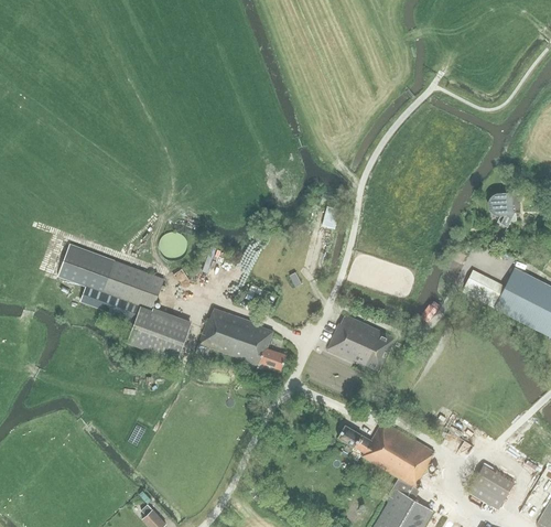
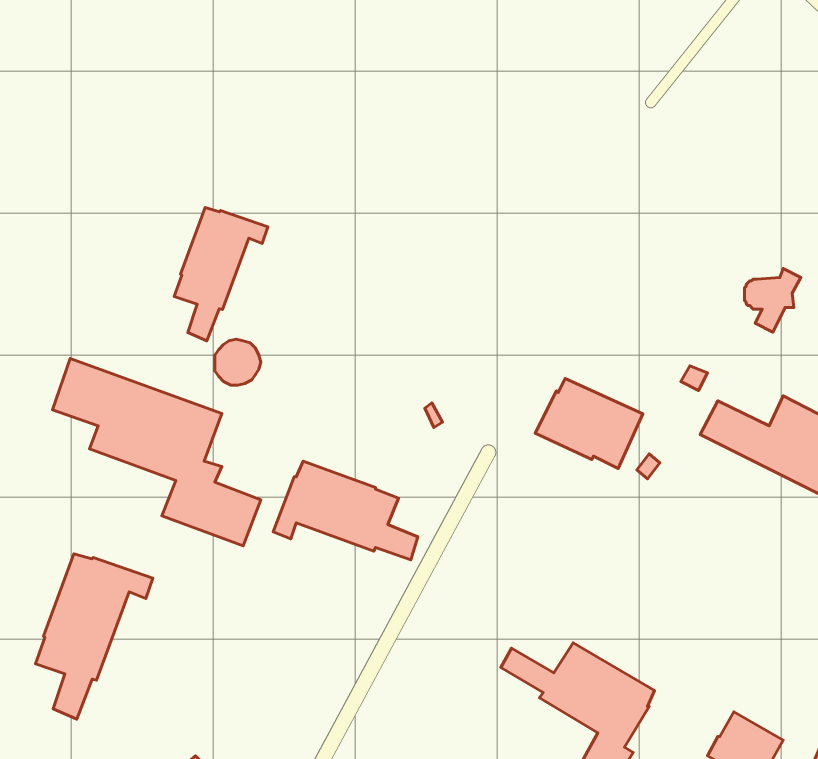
building: none -> [174,208,268,341]
building: [327,314,395,370] -> [535,378,643,468]
building: none -> [36,554,153,719]

